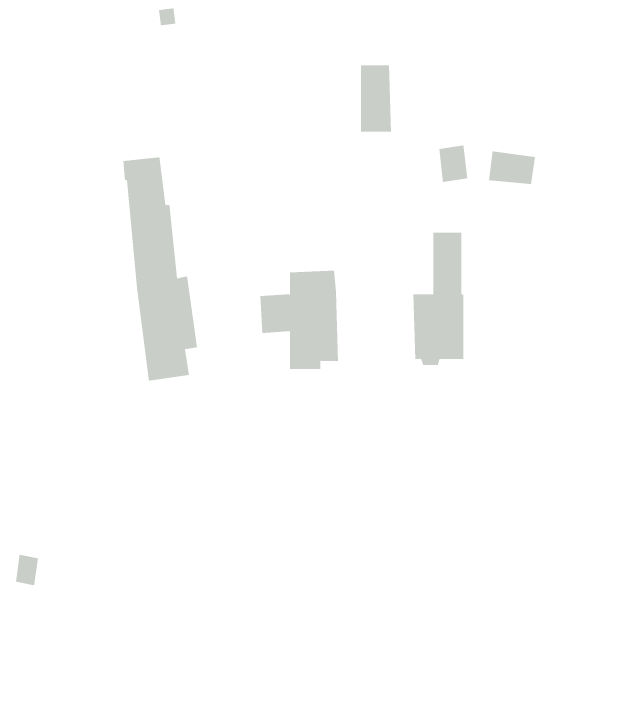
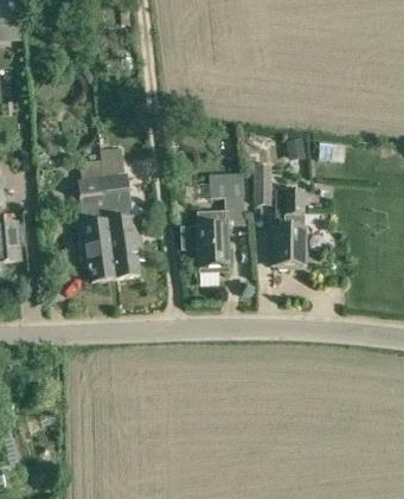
building: [360,65,392,132] -> [252,164,271,204]
building: none -> [77,159,114,281]
building: none -> [206,171,244,198]

